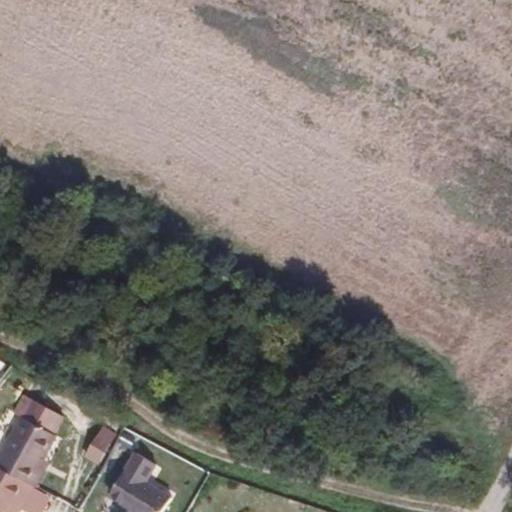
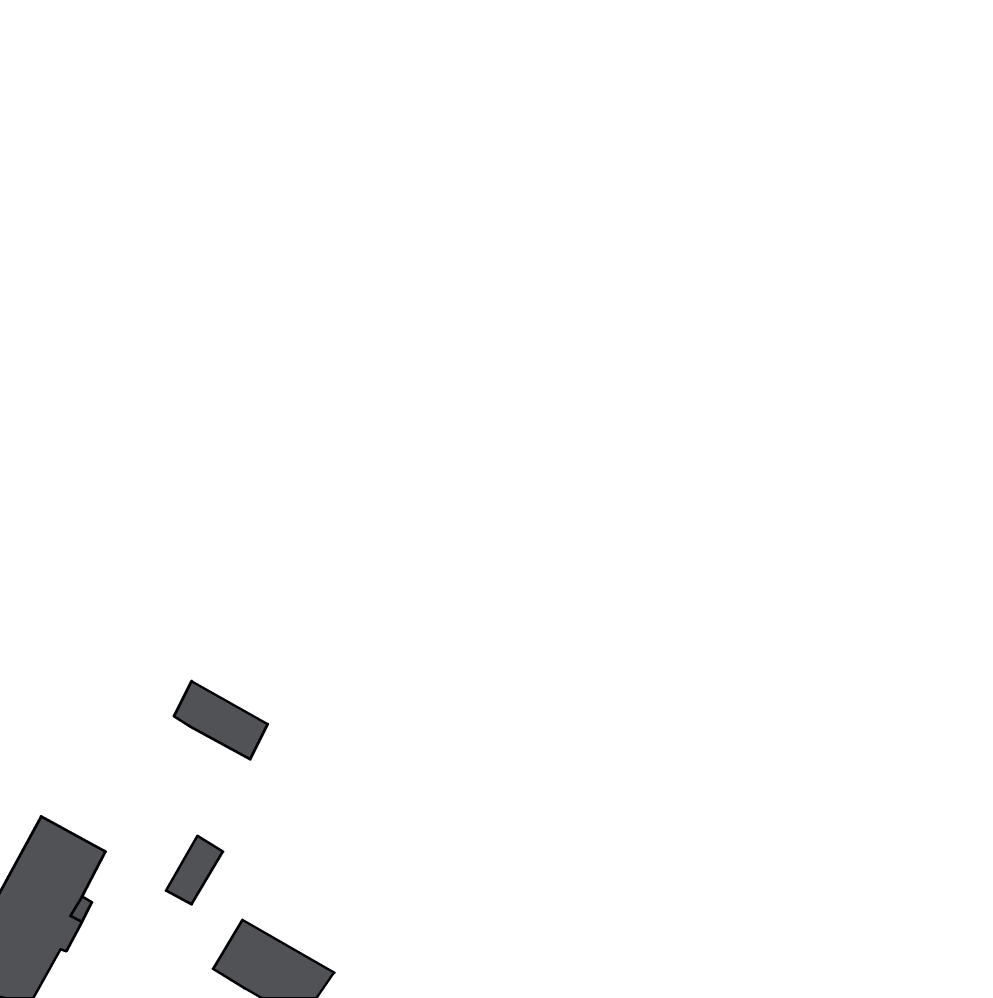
building: [13,395,61,435] -> [174,681,268,759]

